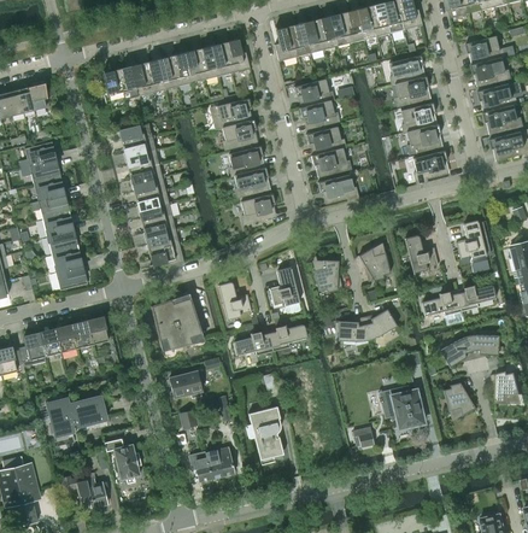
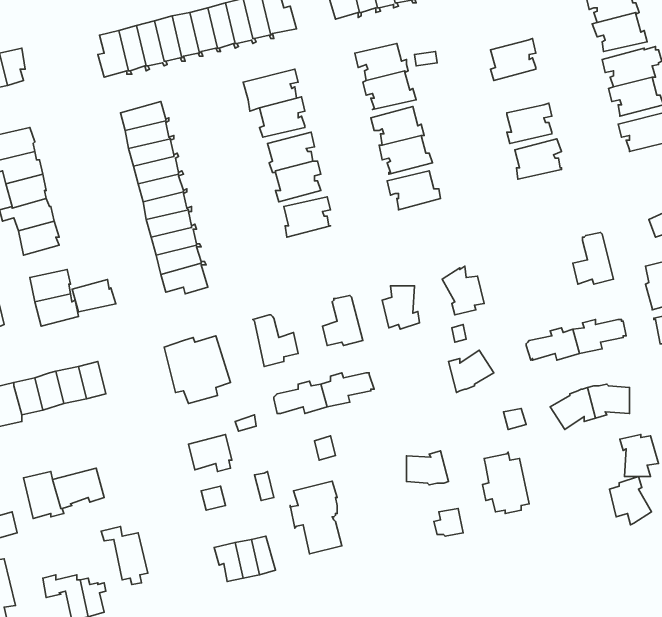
building: [388,54,423,84] -> none
building: [400,101,435,133] -> none
building: [46,229,78,253] -> [72,280,116,312]
building: [404,235,438,273] -> none
building: [338,316,369,341] -> [407,451,449,485]
building: [442,380,474,416] -> [610,476,652,525]

